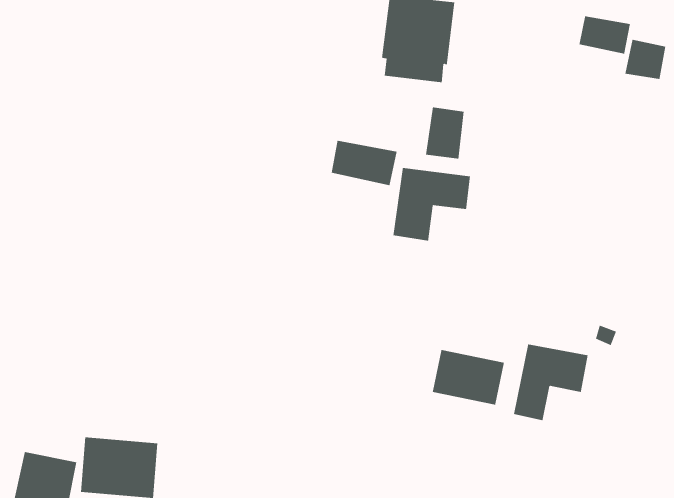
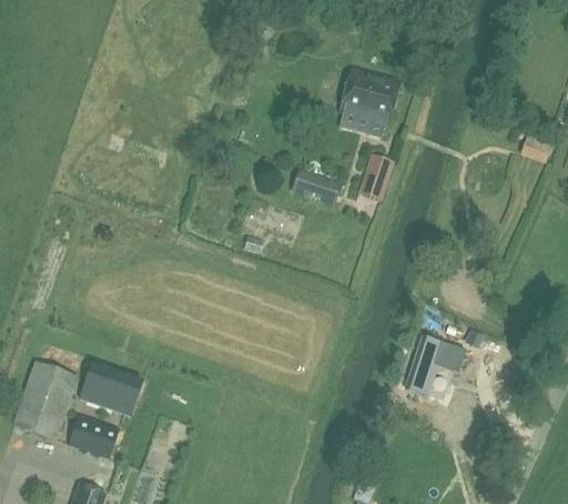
building: [579,16,630,54] -> none
building: [393,167,470,241] -> none
building: [432,349,505,405] -> none

